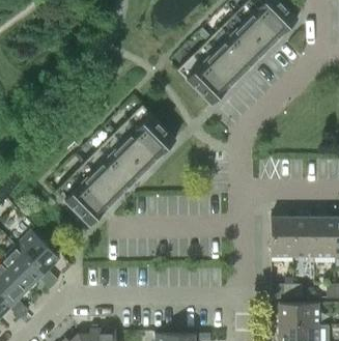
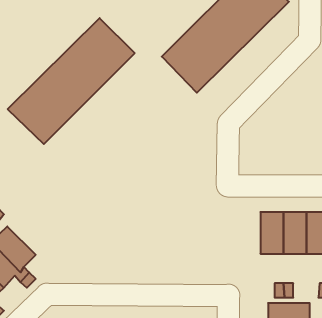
building: [56,106,176,225] -> [8,18,135,144]

